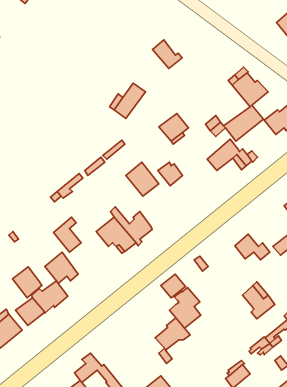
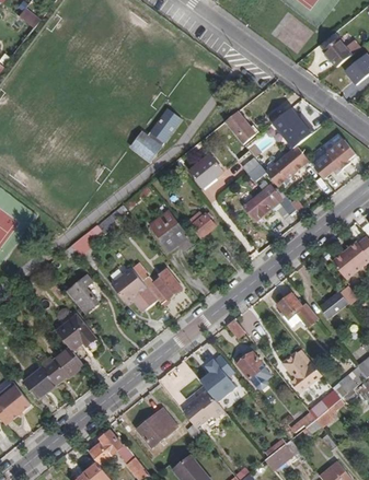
building: [153,40,182,68] -> [223,110,257,143]
building: [13,267,42,298] -> none
building: none -> [237,351,272,388]
building: none -> [137,408,176,446]

